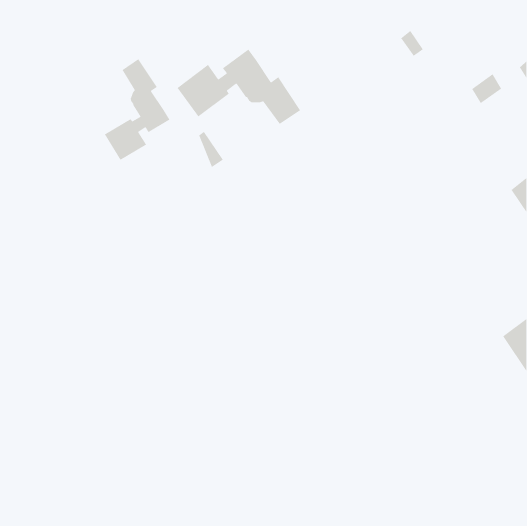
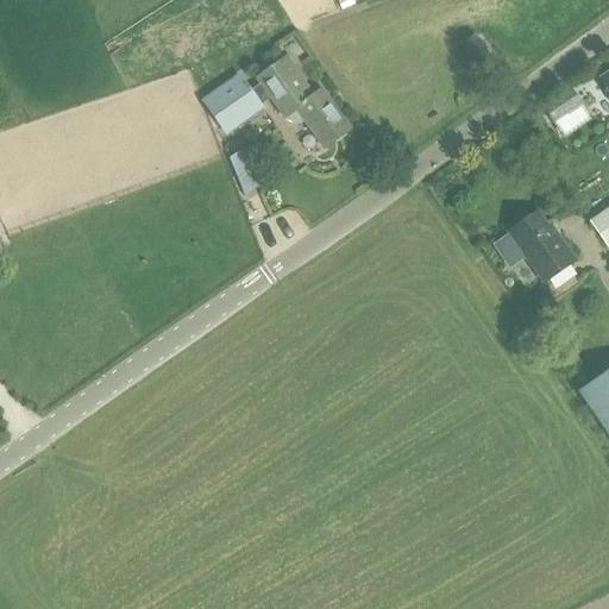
building: [104,58,171,161] -> none
building: none -> [494,211,575,280]

